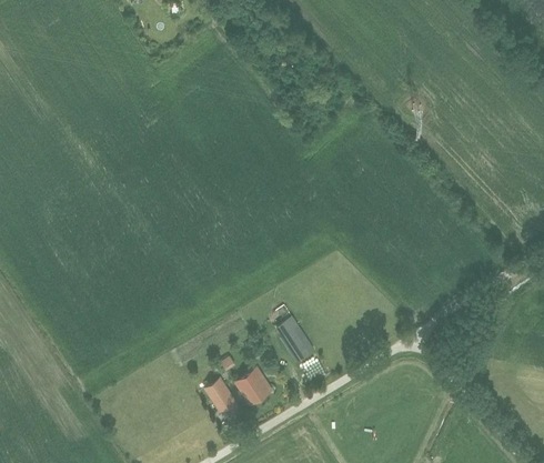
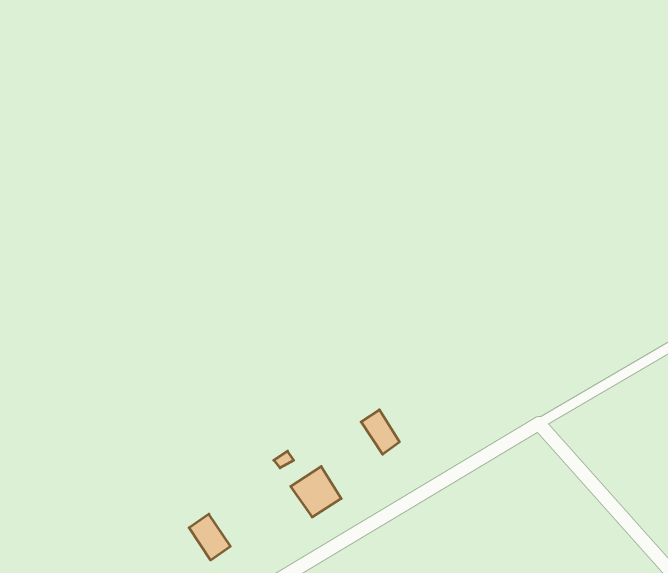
building: [204,379,234,412] -> [189,514,230,560]

